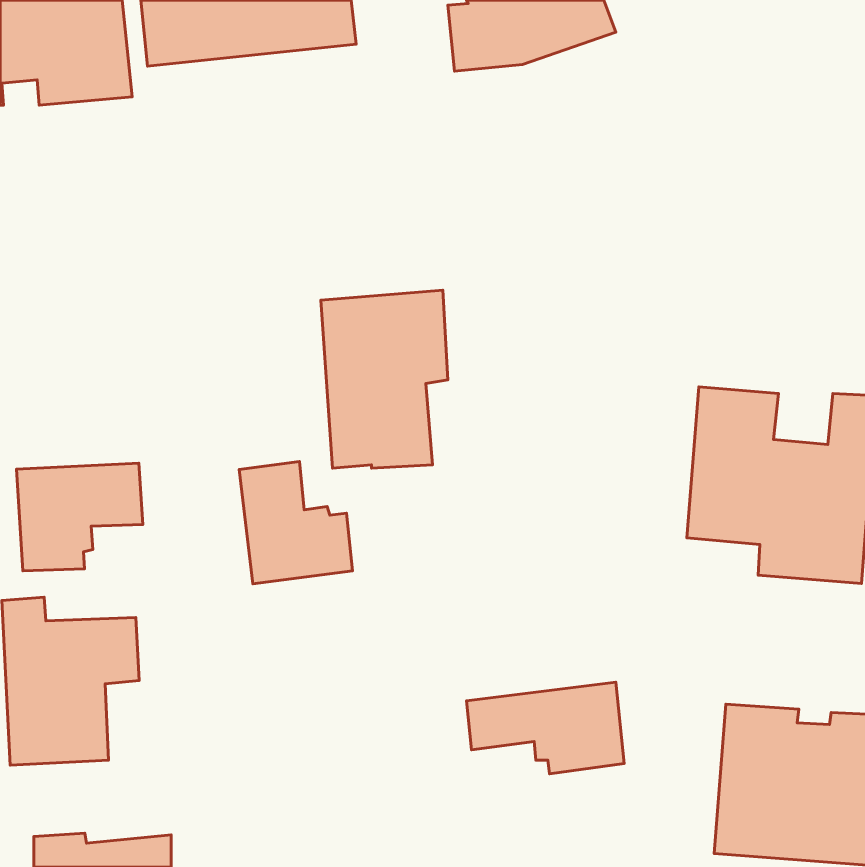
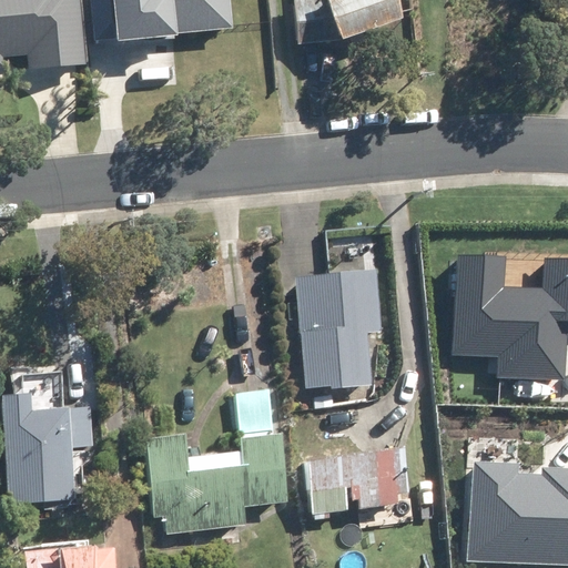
building: [321,290,448,468] -> [297,270,381,386]
building: [239,461,352,584] -> none
building: [16,463,143,571] -> none
building: none -> [145,433,286,532]

